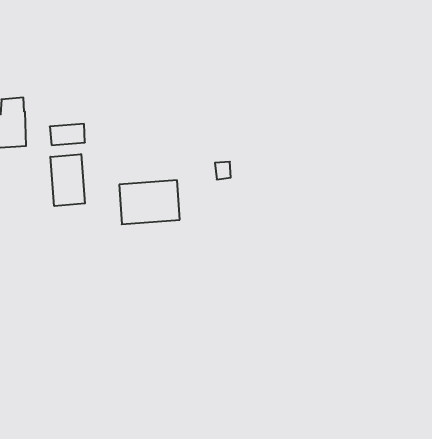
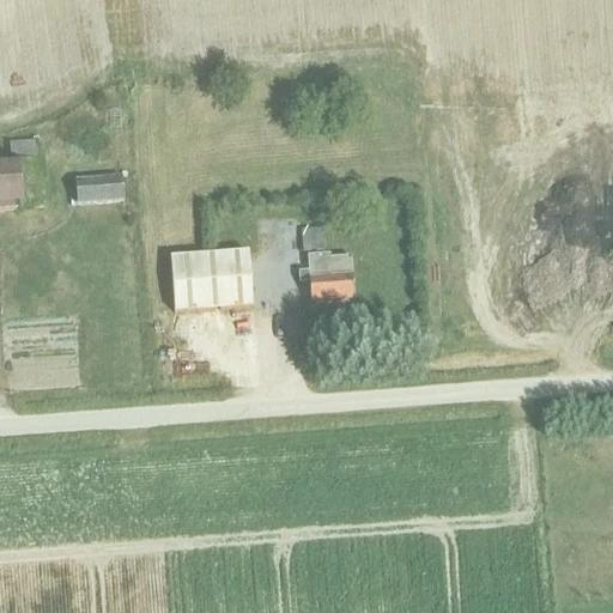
building: [50,154,85,206] -> none
building: none -> [297,249,353,298]

